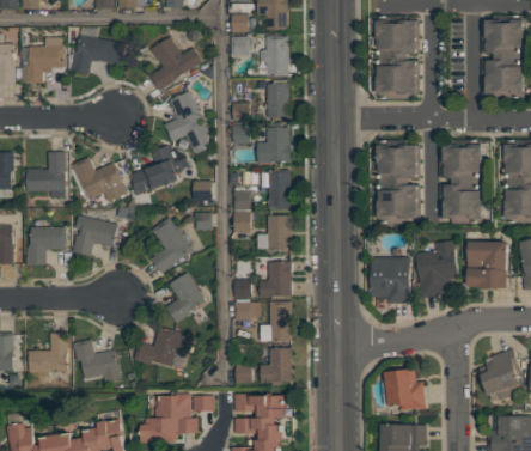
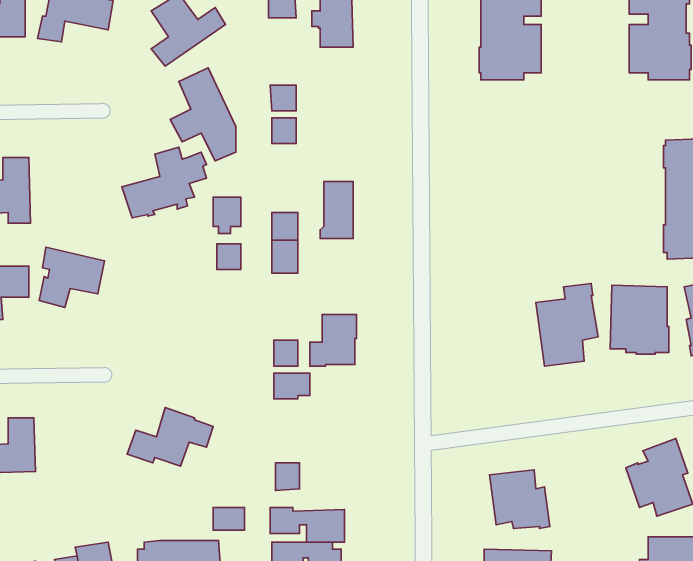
building: [267,84,289,121] -> none
building: [257,127,291,163] -> none
building: [377,140,421,224] -> none
building: [439,140,482,224] -> none
building: [71,158,126,203] -> none
building: [268,215,292,250] -> none
building: [151,217,193,273] -> none
building: [372,257,410,304] -> none
building: [165,273,206,323] -> none
building: [261,301,292,342] -> none
building: [74,341,120,383] -> none
building: [261,348,292,384] -> none
building: [155,394,190,419] -> none

